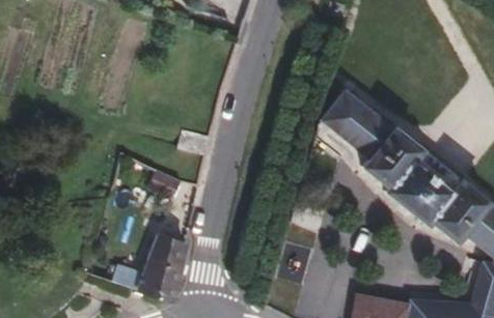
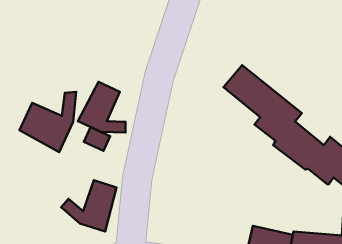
building: none -> [78,82,126,133]
building: none -> [20,92,76,152]

